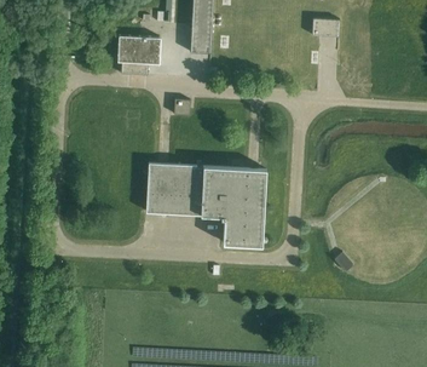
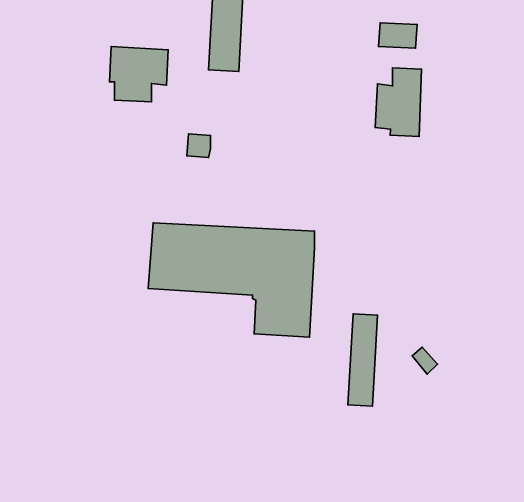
building: none -> [375,68,422,136]
building: none -> [348,314,378,406]

